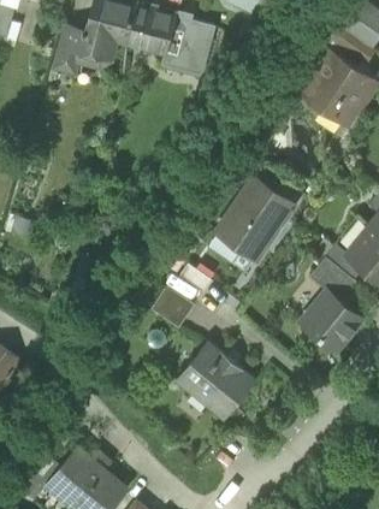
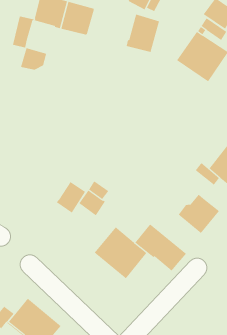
building: [162,17,213,75] -> [126,14,160,53]
building: [77,32,117,66] -> [20,48,47,70]
building: [218,178,292,258] -> none
building: [310,255,355,297] -> none
building: none -> [56,181,86,214]
building: none -> [135,223,187,271]

